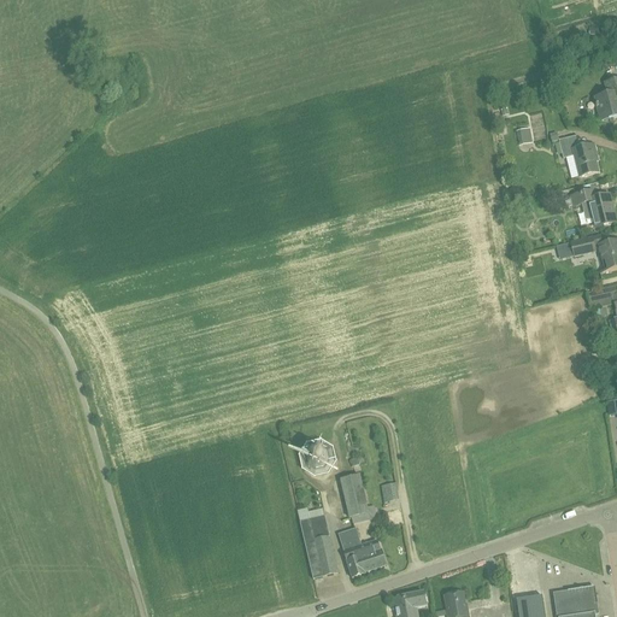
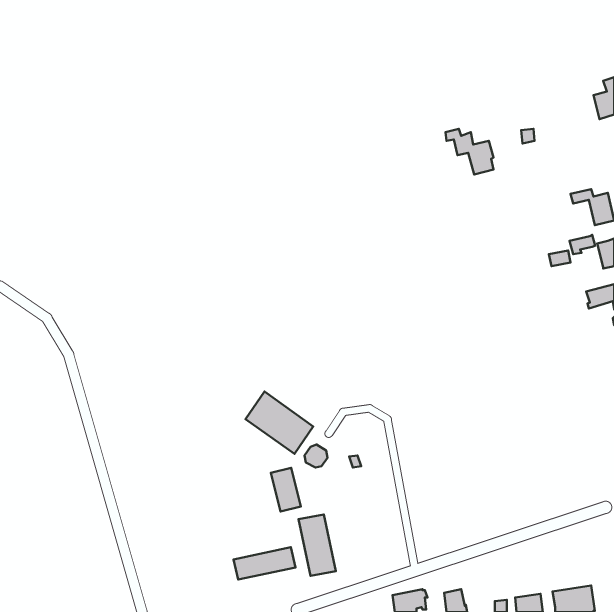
building: [550,129,598,175] -> [445,129,494,174]
building: none -> [246,392,313,454]
building: [339,472,369,516] -> [271,468,301,511]
building: [337,527,386,575] -> none
building: none -> [233,547,296,580]

